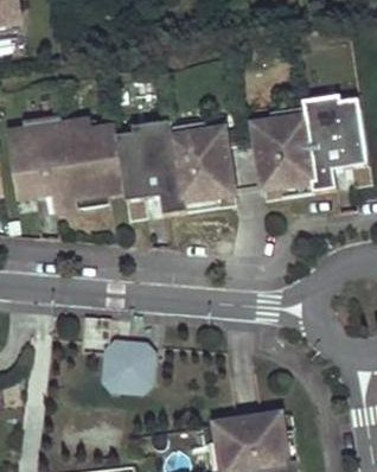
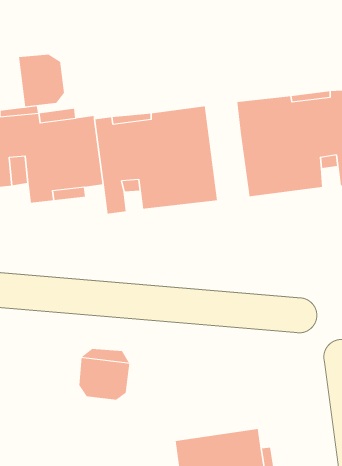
building: none -> [19,54,64,107]

